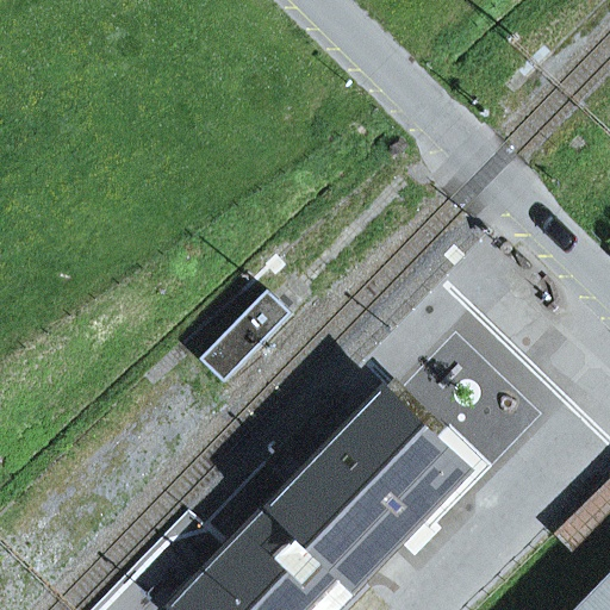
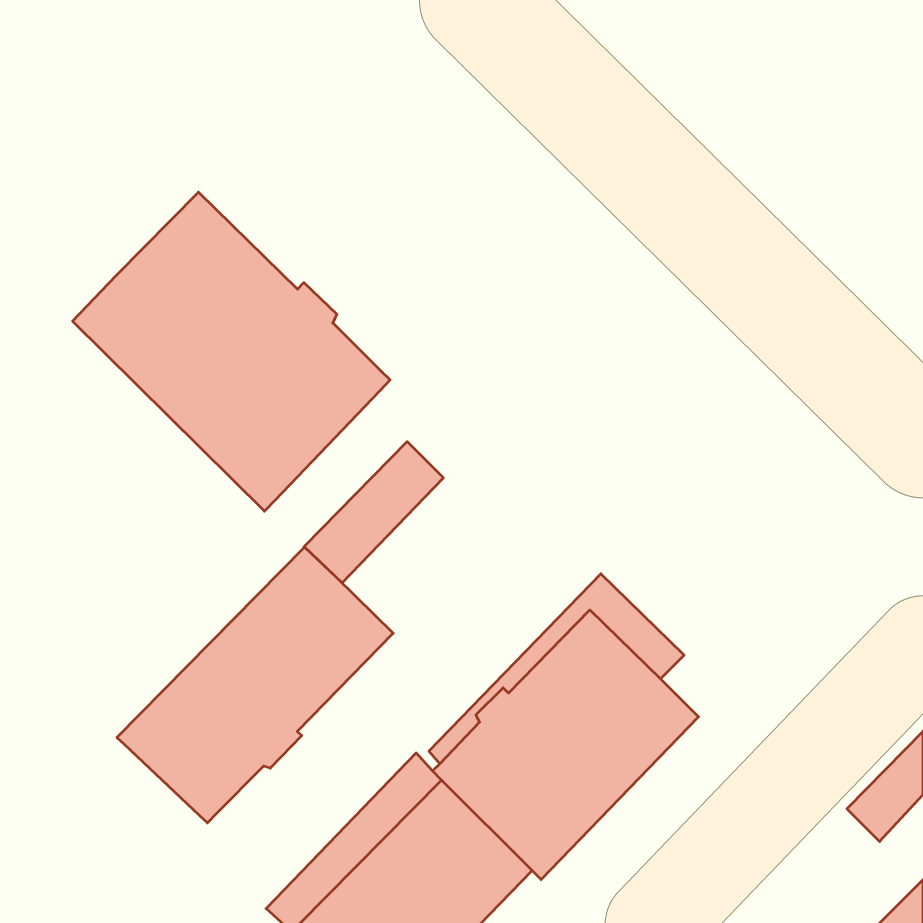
building: none -> [73,192,390,511]
building: none -> [117,547,393,823]

